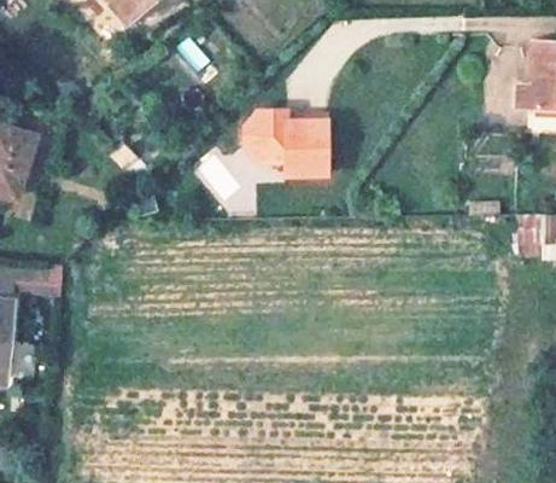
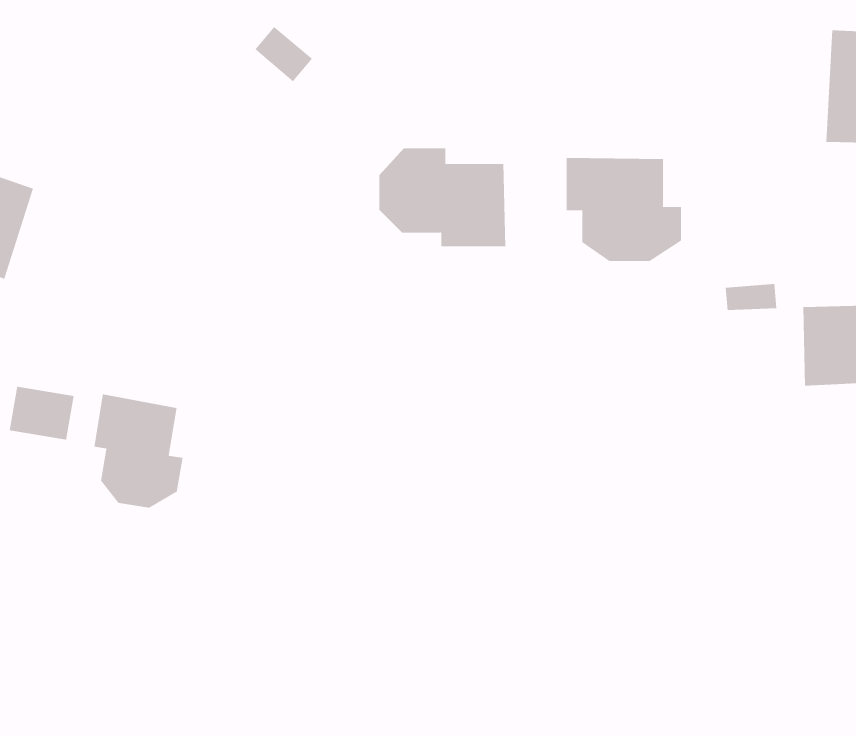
building: none -> [566,157,682,262]
building: none -> [94,394,183,509]

